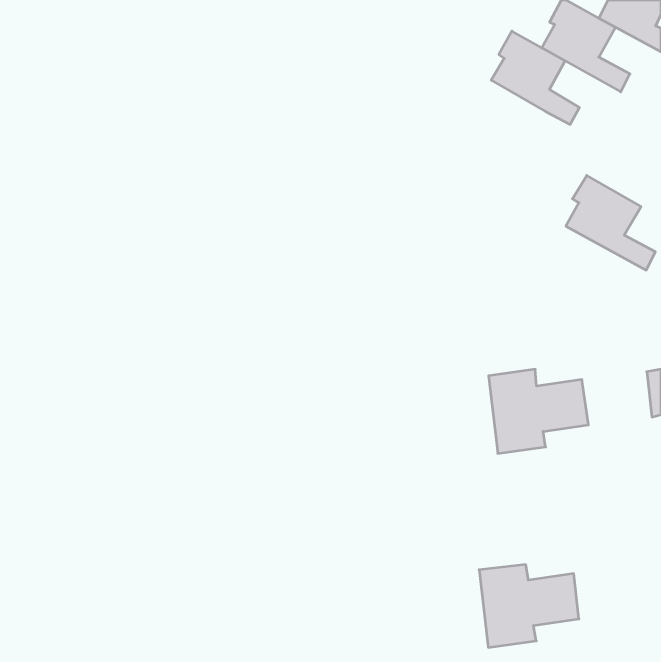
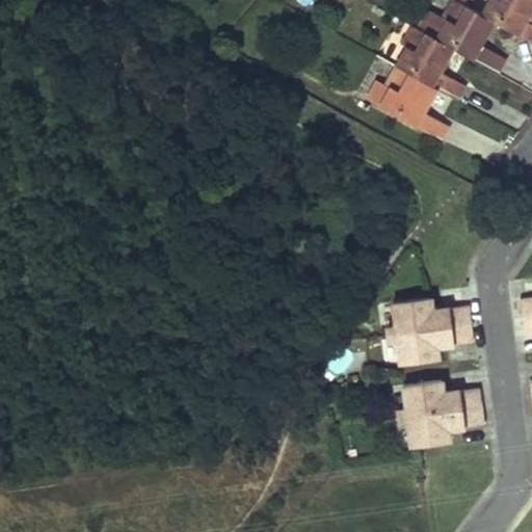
building: [566,175,655,270] -> [377,64,449,140]
building: [479,565,579,647] -> [402,379,482,446]

